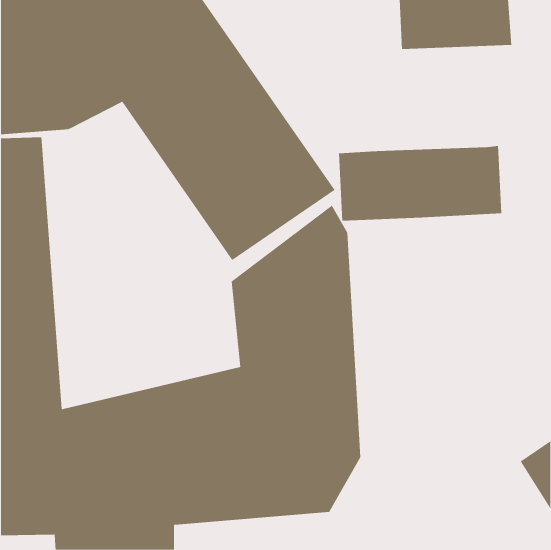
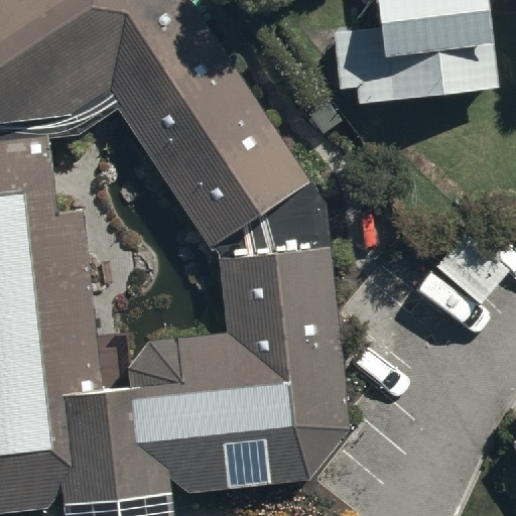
building: [338,146,502,221] -> [340,41,493,112]

